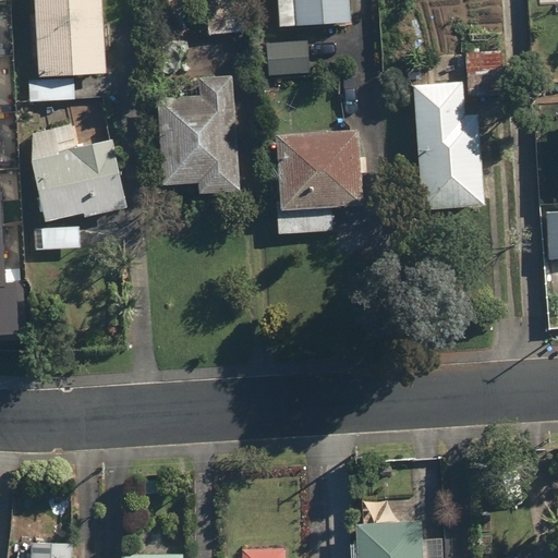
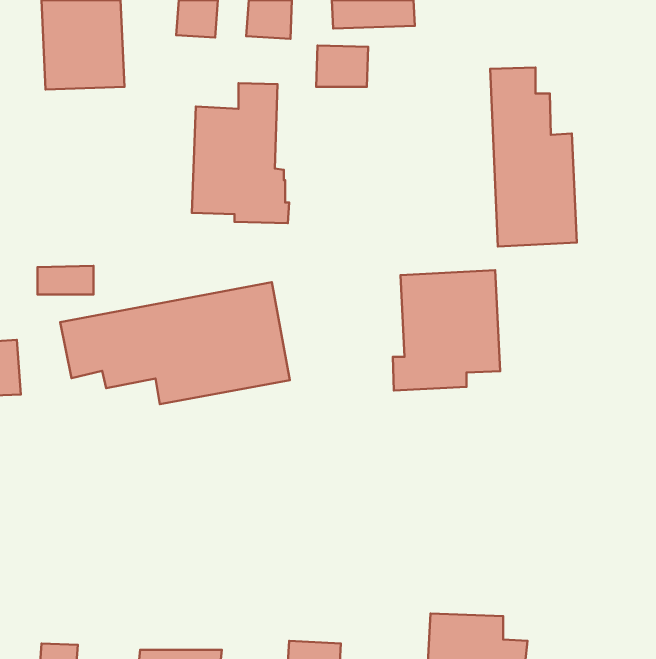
building: [26,118,126,220] -> none
building: [271,130,362,231] -> [393,270,500,391]
building: none -> [60,282,290,404]

